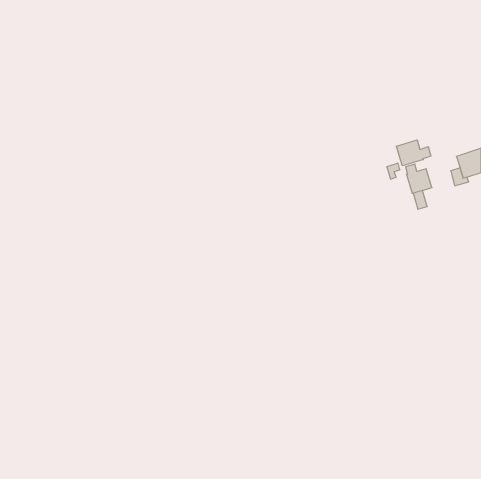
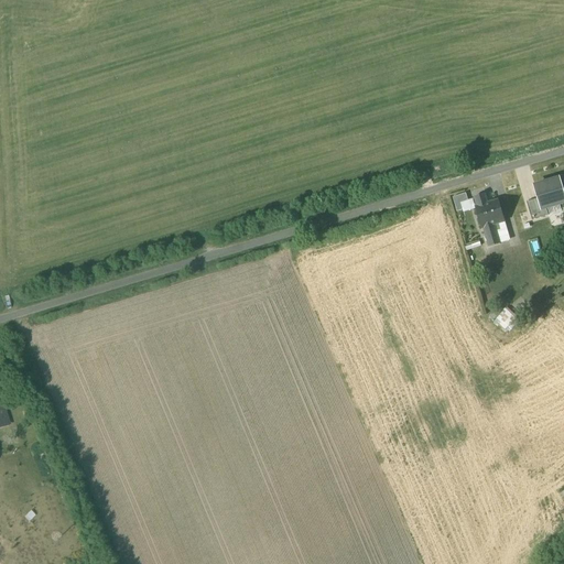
building: [396,140,431,166] -> none

